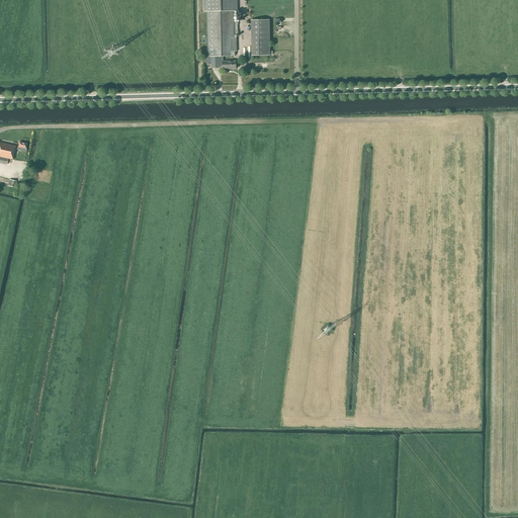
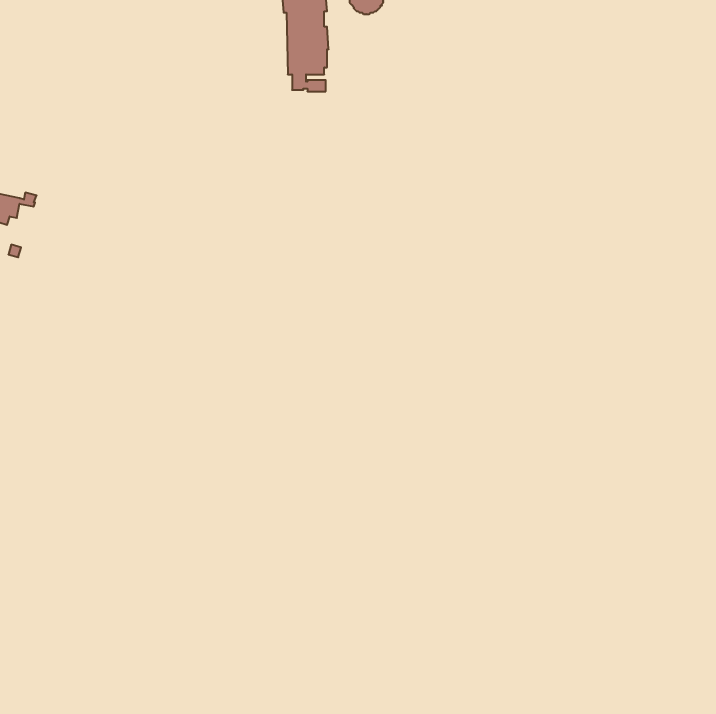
building: [250,16,269,53] -> none

